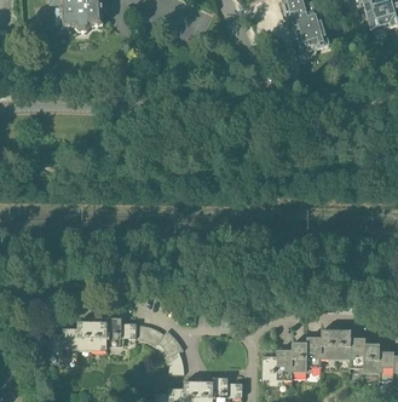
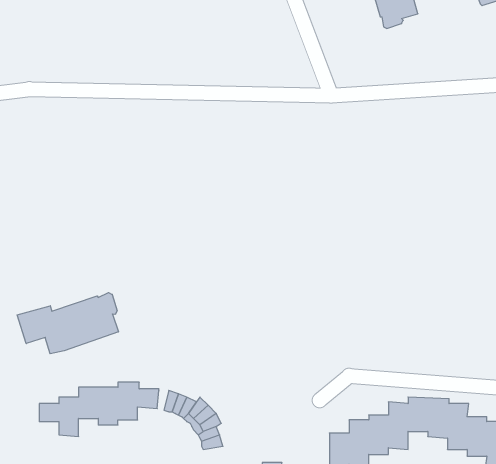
building: none -> [17,293,118,354]

